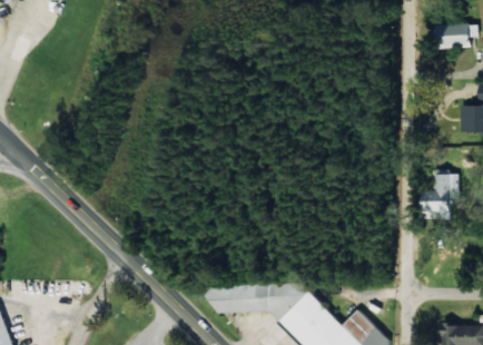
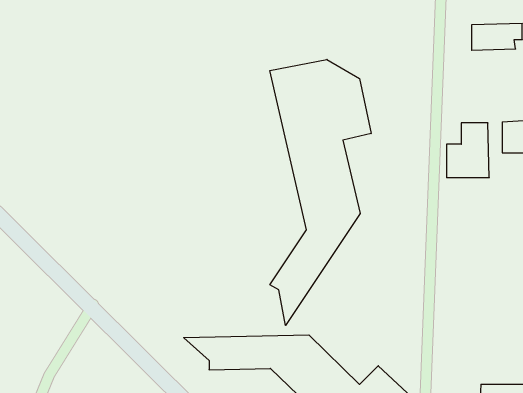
building: none -> [270,59,371,325]
building: [420,172,455,218] -> [447,123,489,178]

